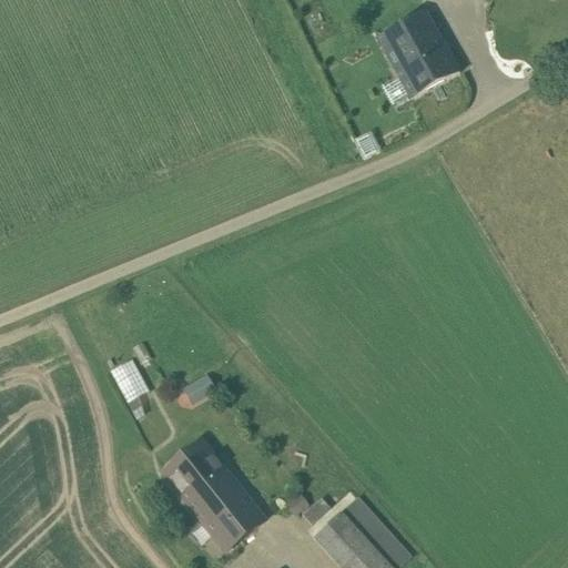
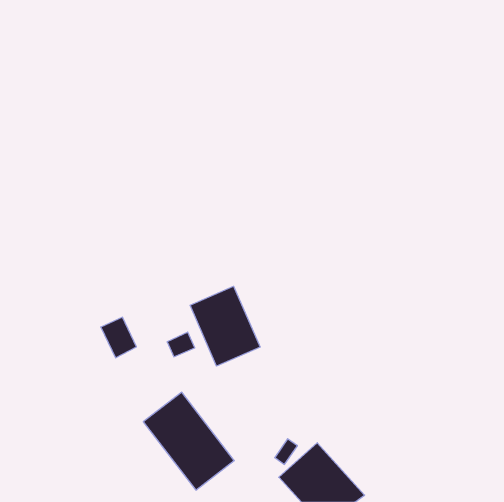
building: [379,13,457,94] -> none
building: none -> [190,286,260,366]

